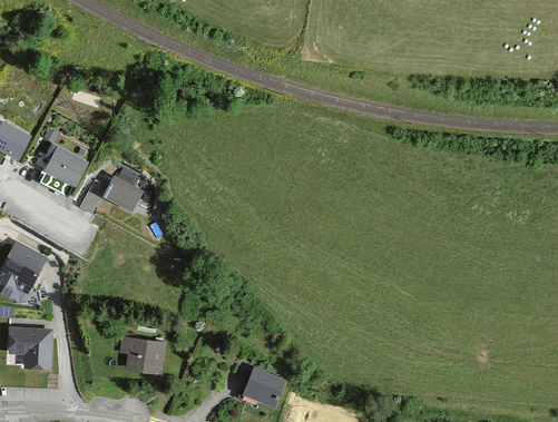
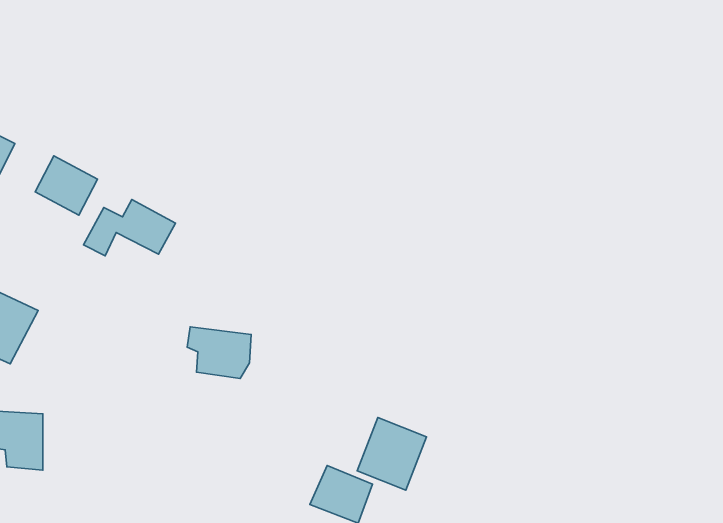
building: none -> [357,417,426,490]
building: [119,336,165,373] -> [187,327,251,378]

